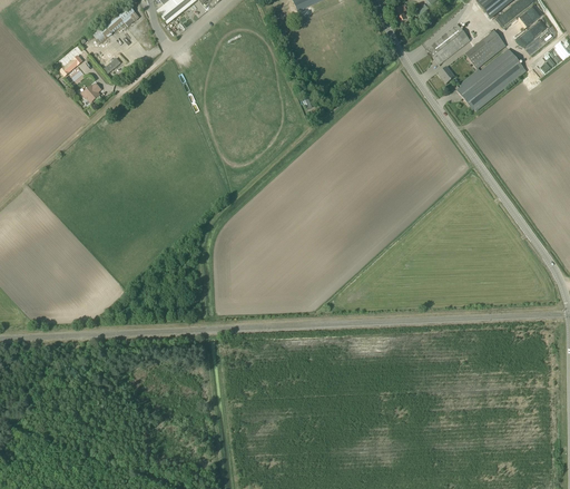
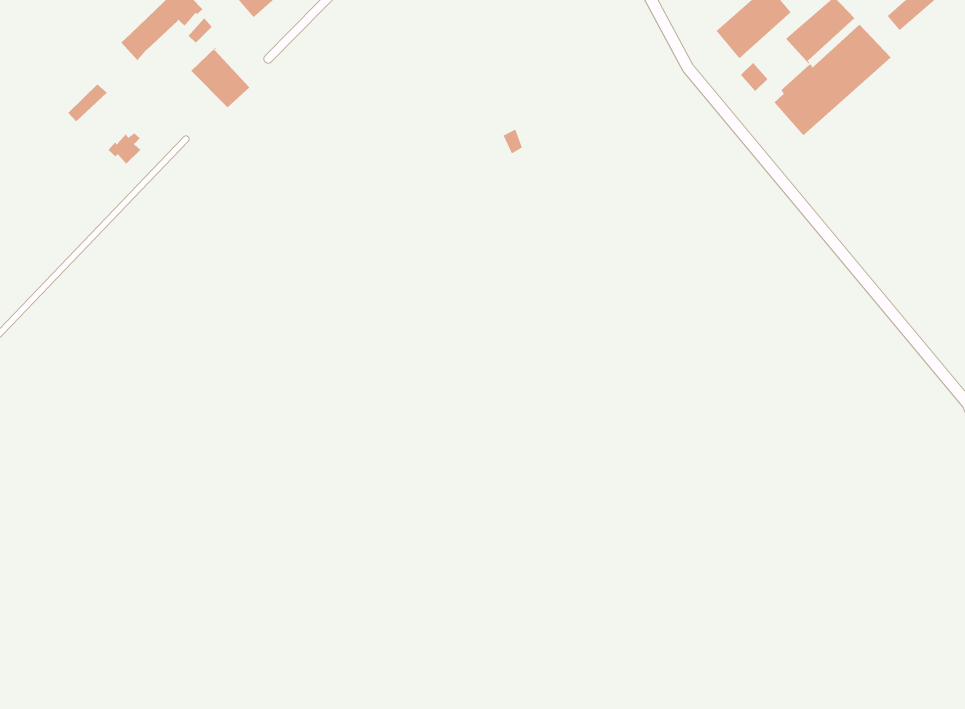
building: none -> [191,46,250,108]

